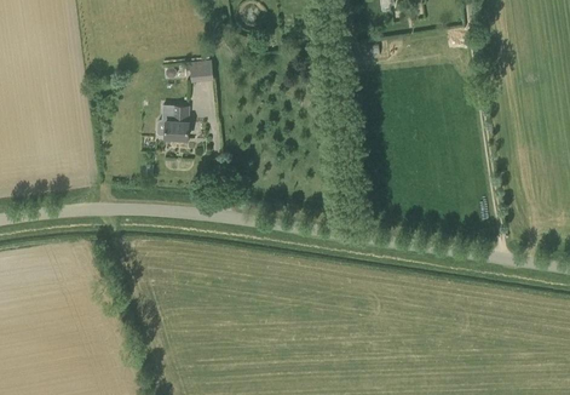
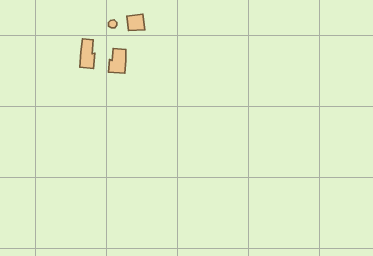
building: none -> [80,39,95,69]

